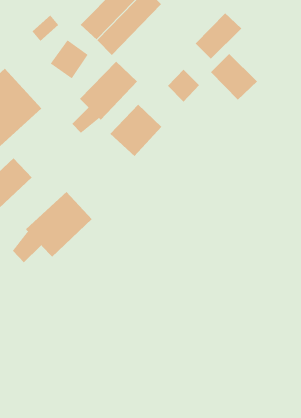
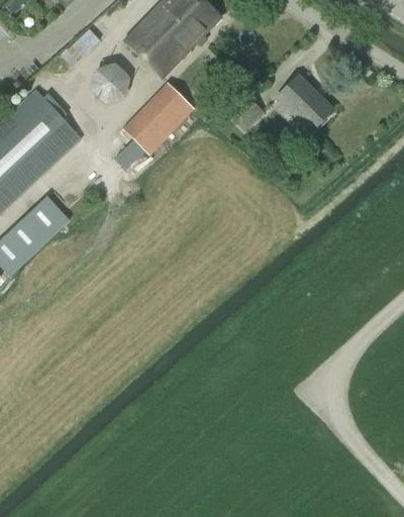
building: [195,12,242,60] -> none
building: [110,104,162,157] -> none
building: [12,191,92,263] -> none

